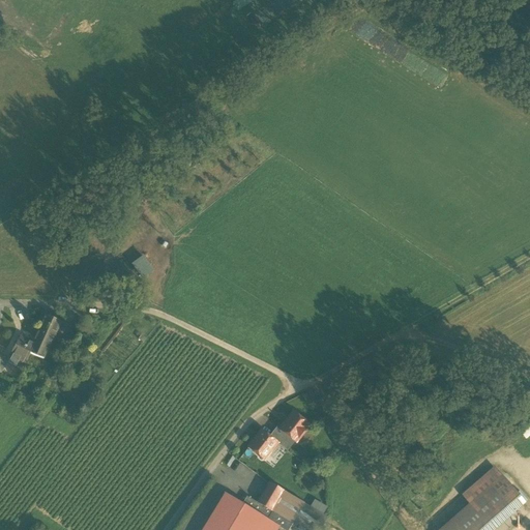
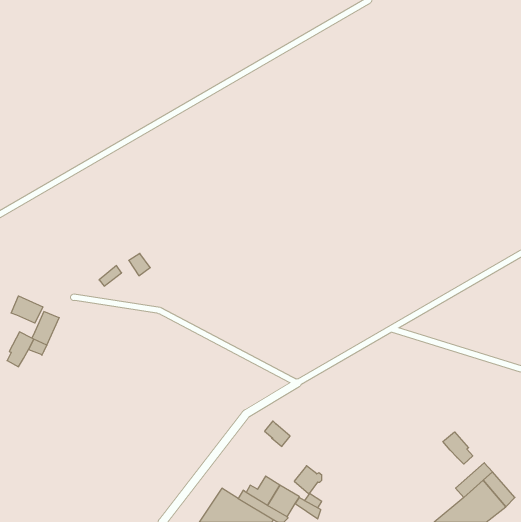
building: none -> [11,296,43,323]
building: [279,414,307,442] -> [294,466,322,493]
building: [247,432,276,461] -> none
building: none -> [443,432,473,464]

